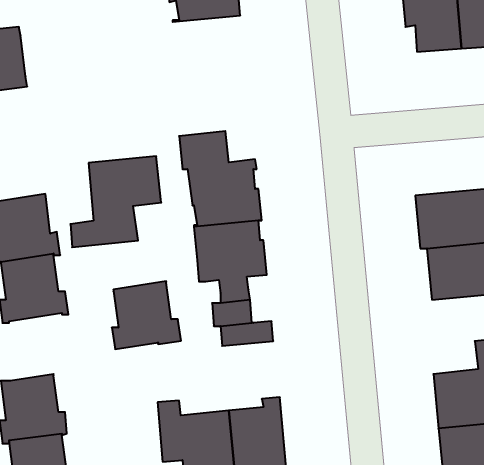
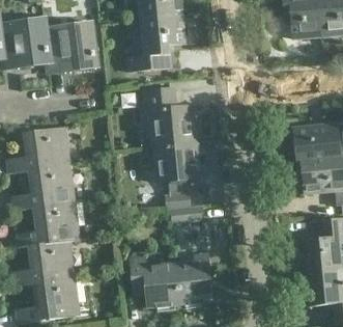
building: none -> [45,25,95,67]
building: [70,156,161,247] -> [128,15,185,72]
building: [112,281,181,349] -> [36,201,80,244]

